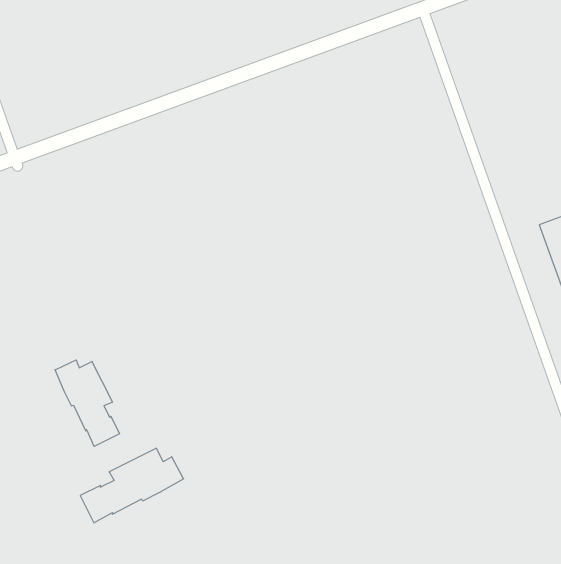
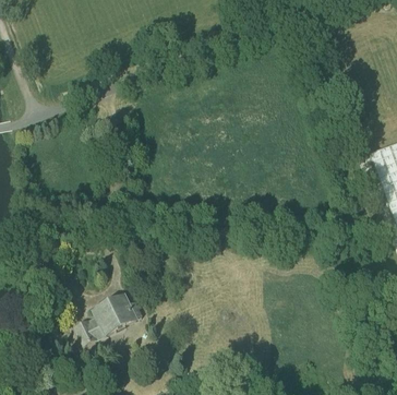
building: [55,360,119,446] -> none

